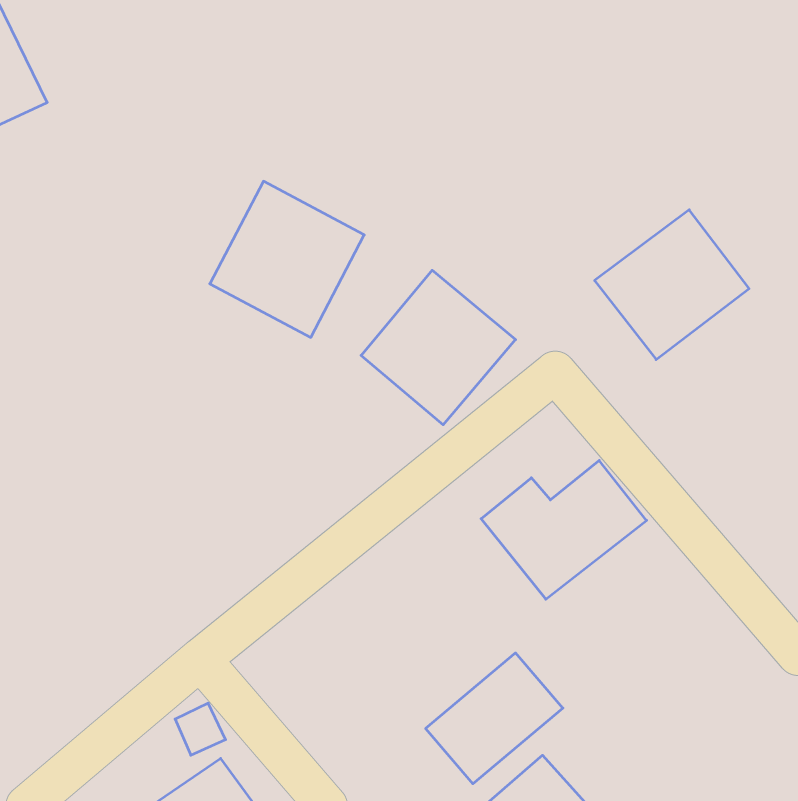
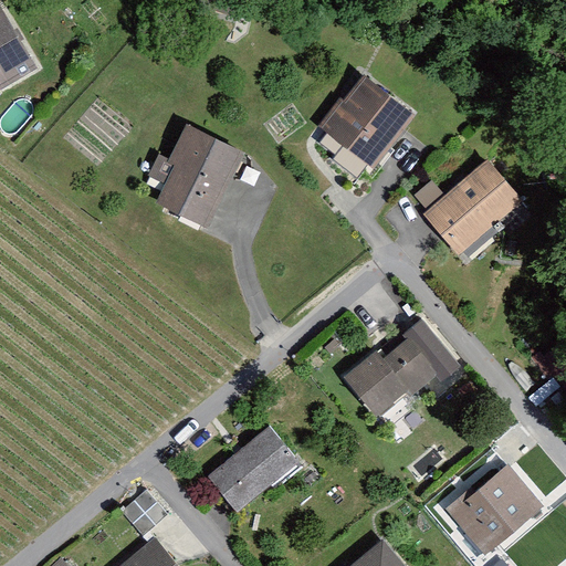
building: [361,270,516,425] -> [312,76,420,185]
building: [426,653,563,784] -> [205,420,301,512]
building: none -> [446,465,539,557]

